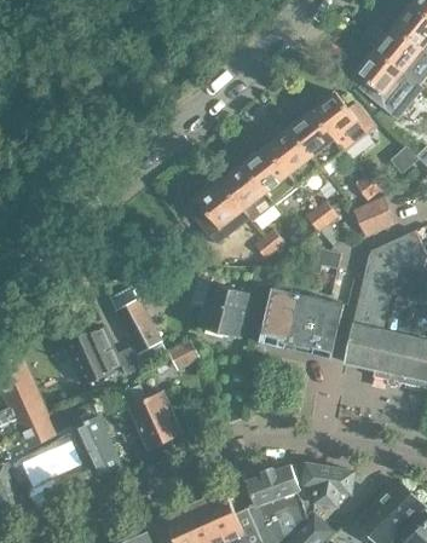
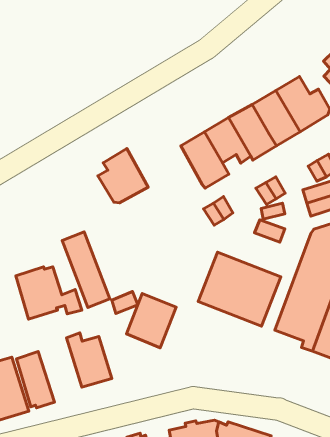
building: [192,181,247,239] -> [98,149,148,203]
building: [200,283,248,337] -> [126,293,176,348]

